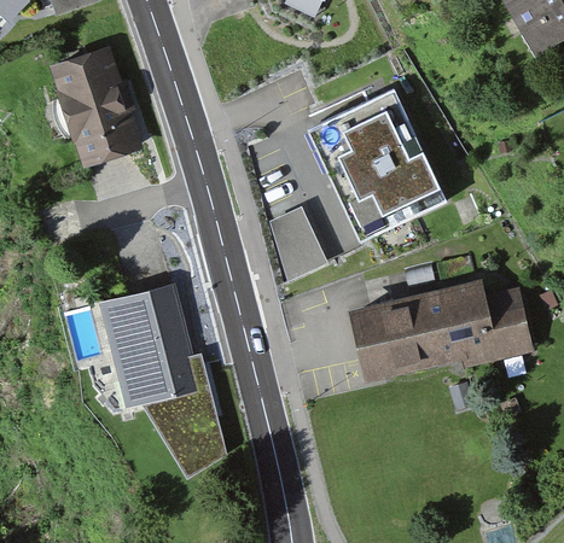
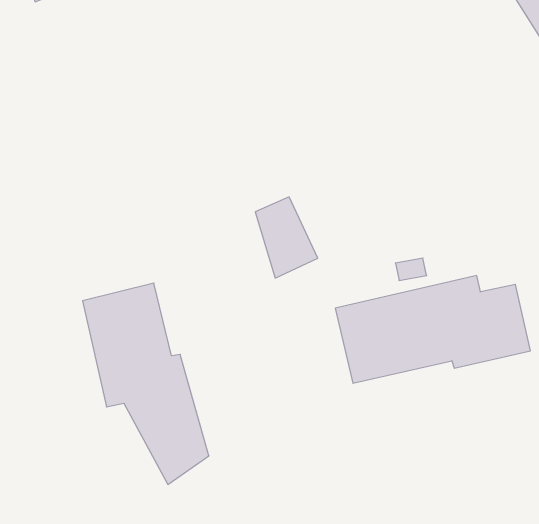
building: [52,47,144,167] -> none
building: [306,88,448,244] -> none

